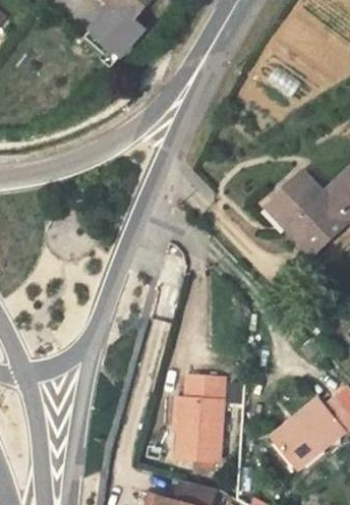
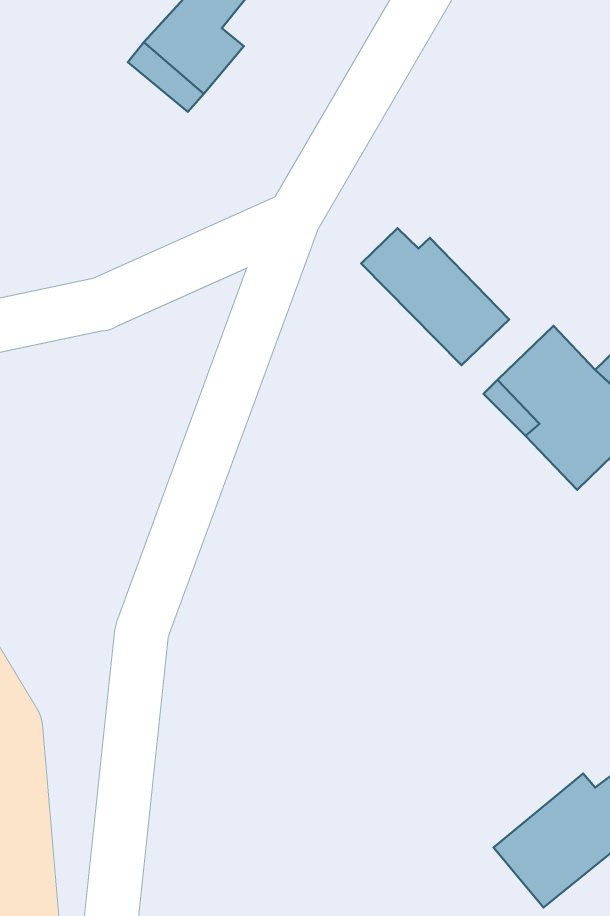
building: none -> [361,228,509,365]
building: [176,376,223,462] -> none

